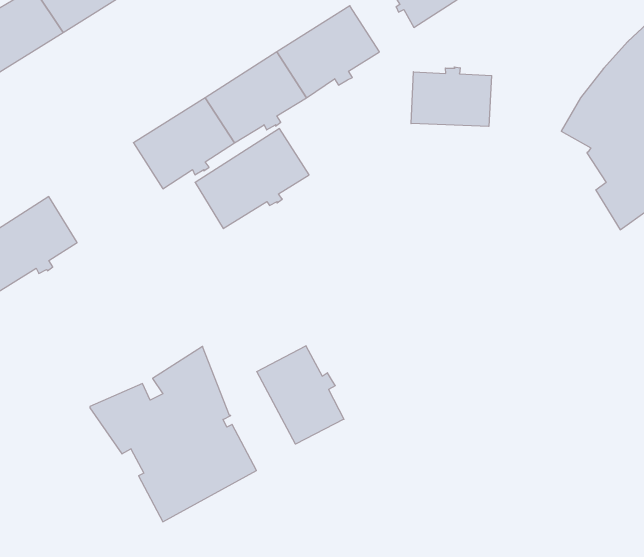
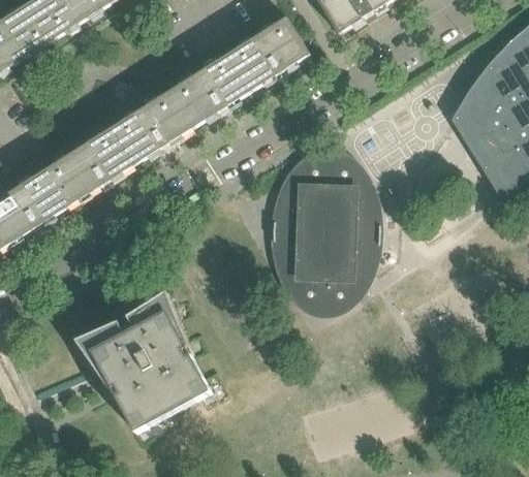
building: [411,67,492,126] -> none
building: [195,129,309,229] -> [42,127,134,208]
building: none -> [272,150,372,315]
building: [257,346,344,444] -> none

